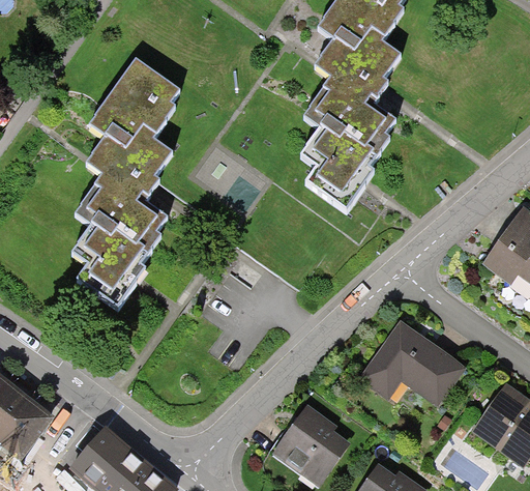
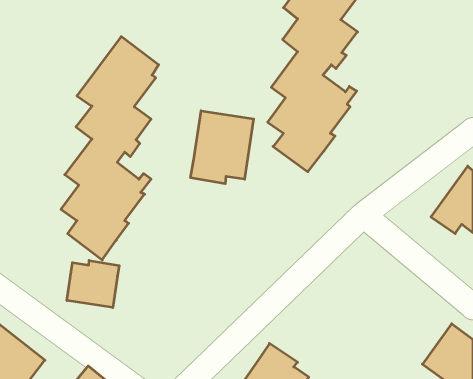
building: none -> [191,111,254,184]
building: none -> [67,260,119,308]
building: [356,316,464,401] -> none

